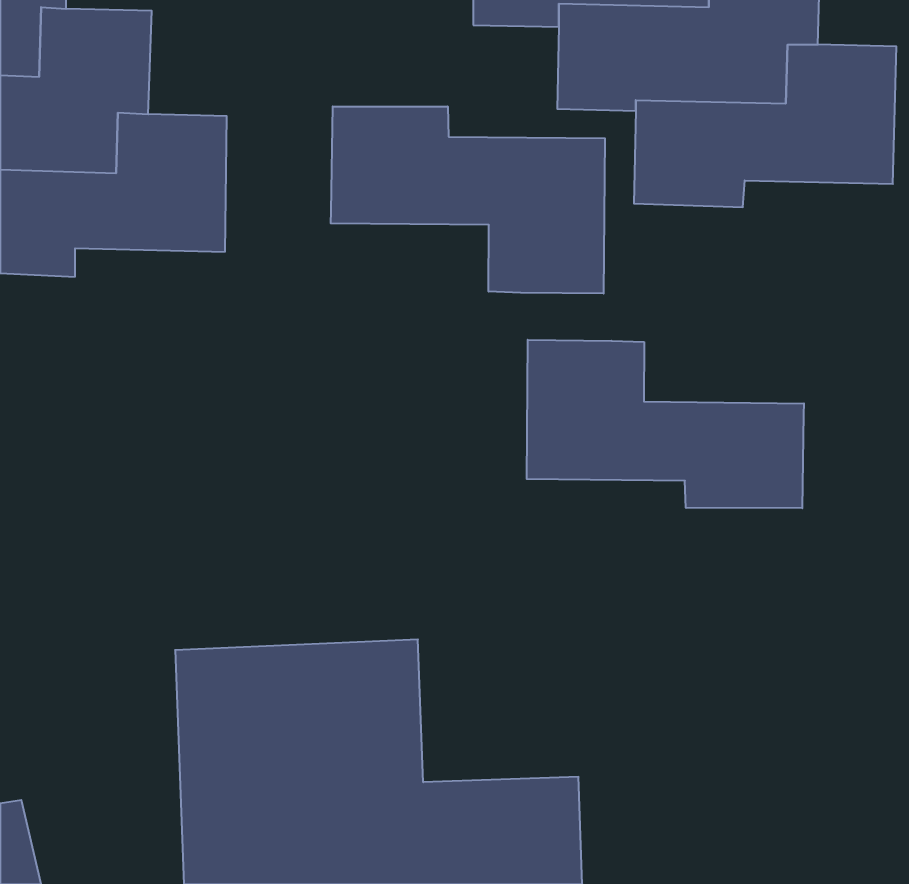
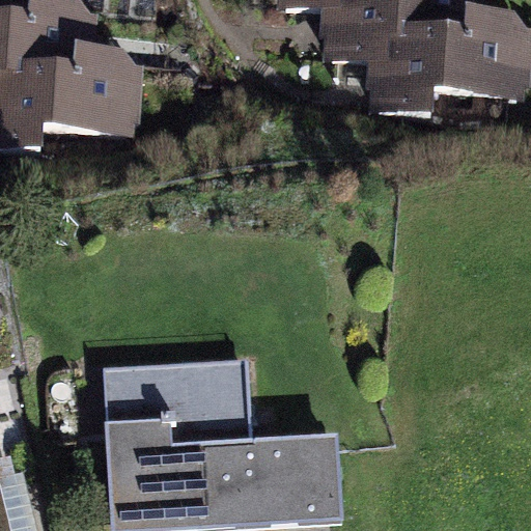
building: [331,106,605,294] -> none
building: [527,340,804,508] -> none

